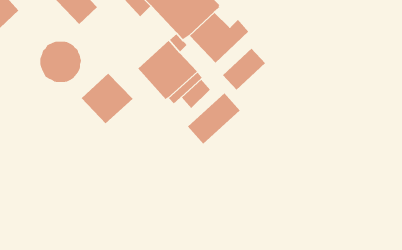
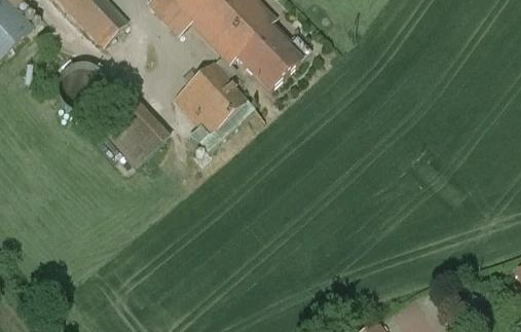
building: [222,48,266,90] -> none
building: [181,79,211,109] -> none
building: [187,93,241,144] -> none

